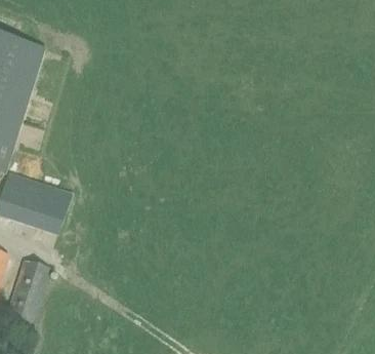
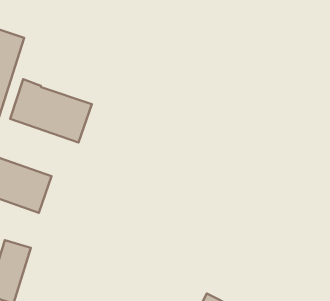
building: none -> [10,79,92,142]

